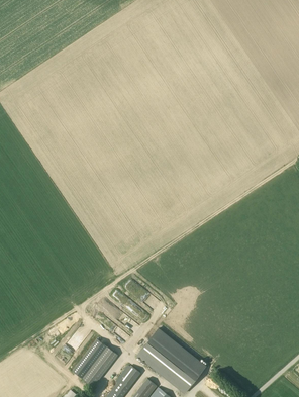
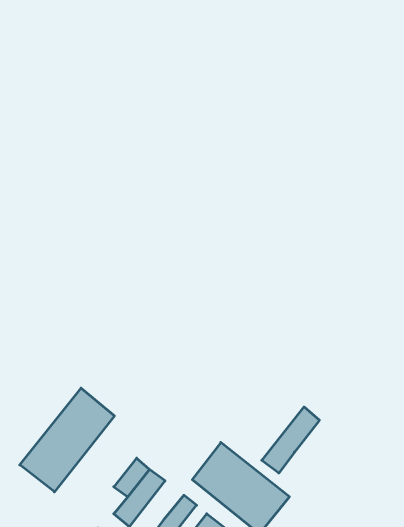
building: none -> [20,388,114,492]
building: none -> [262,407,319,473]

